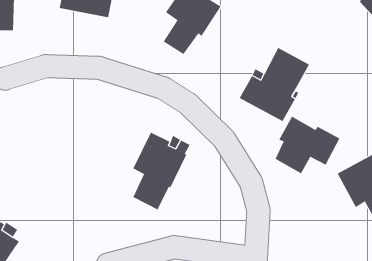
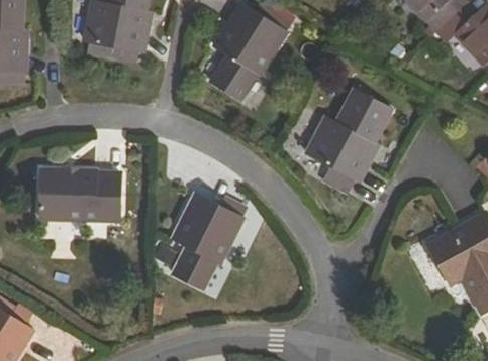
building: none -> [39,171,119,222]
building: [275,116,340,174] -> none

